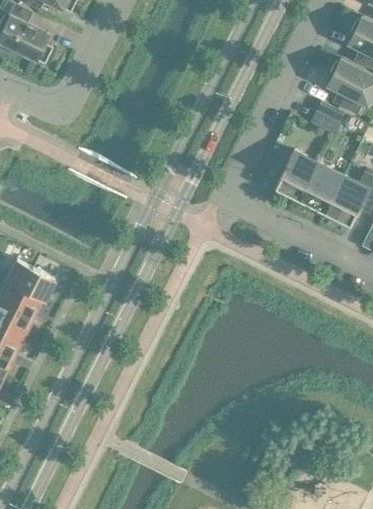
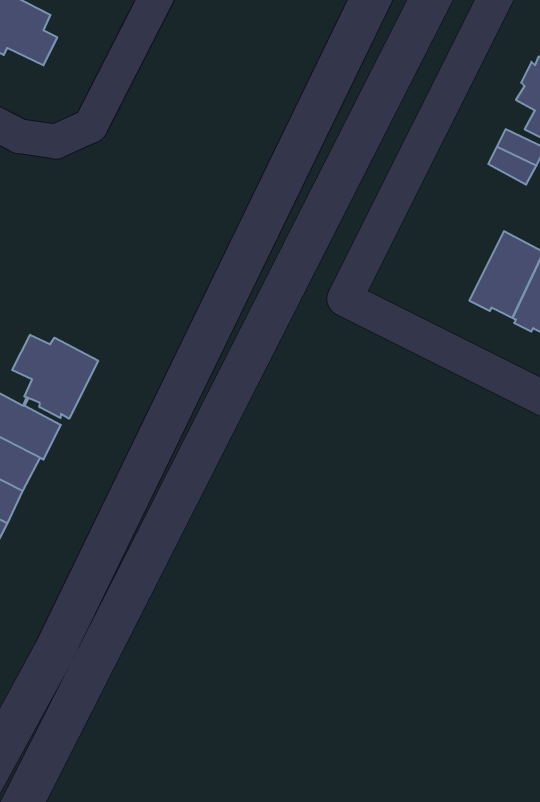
building: [275,151,319,204] -> none
building: none -> [12,335,98,419]

